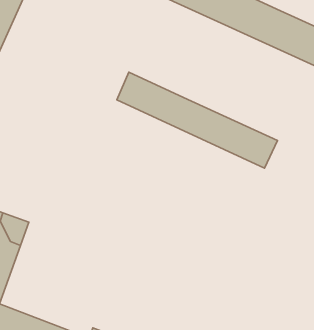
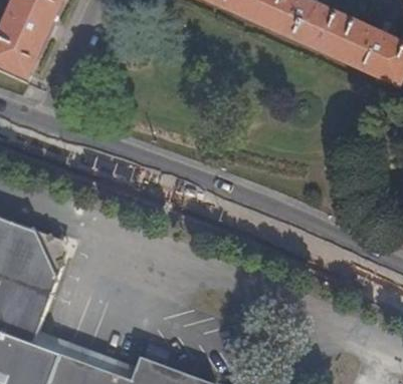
building: [117,72,278,168] -> none

